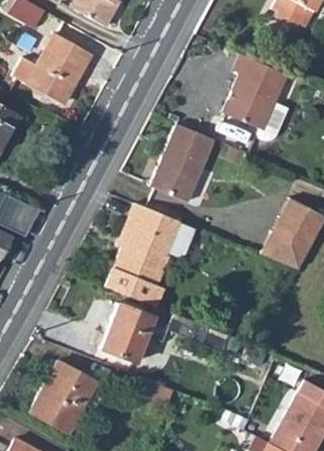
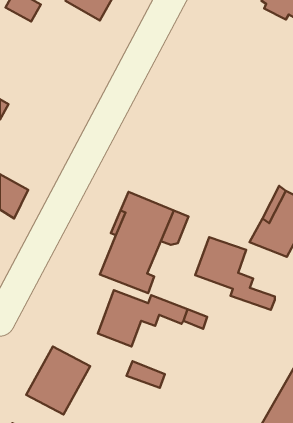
building: [13,34,91,104] -> none
building: [223,53,289,145] -> none
building: [149,121,214,202] -> none
building: none -> [195,237,275,310]

